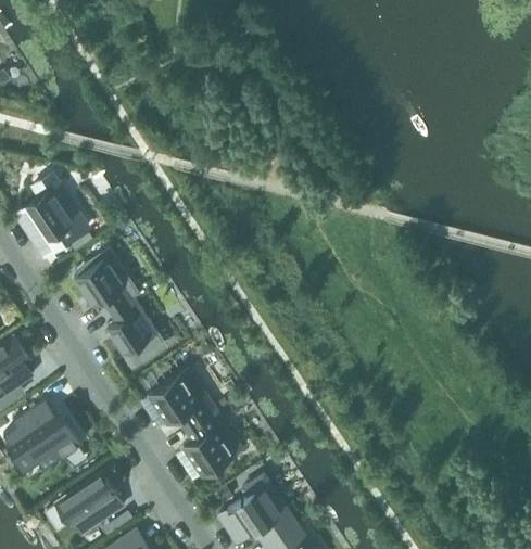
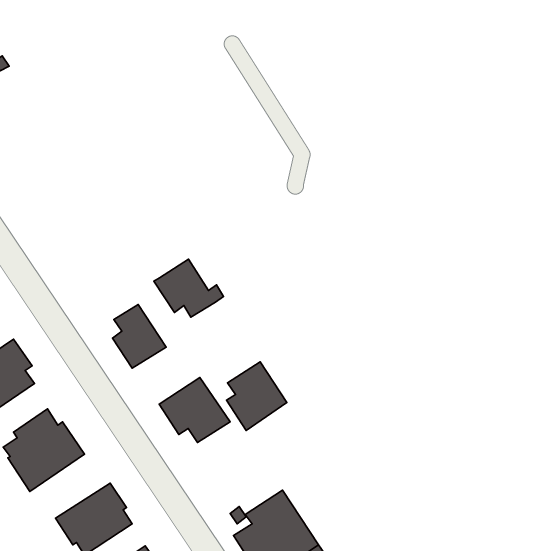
building: [21,173,89,254] -> none
building: [73,261,138,316] -> [154,259,224,317]
building: [185,411,241,475] -> [226,362,287,430]

